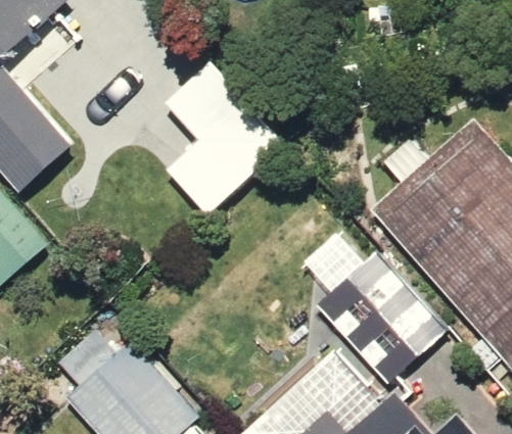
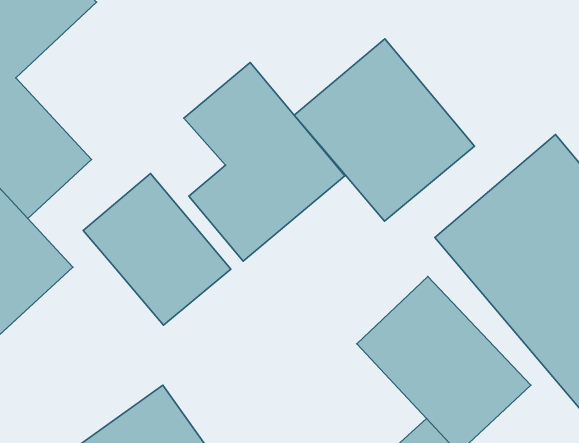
building: none -> [294,39,475,221]
building: none -> [83,173,231,325]

